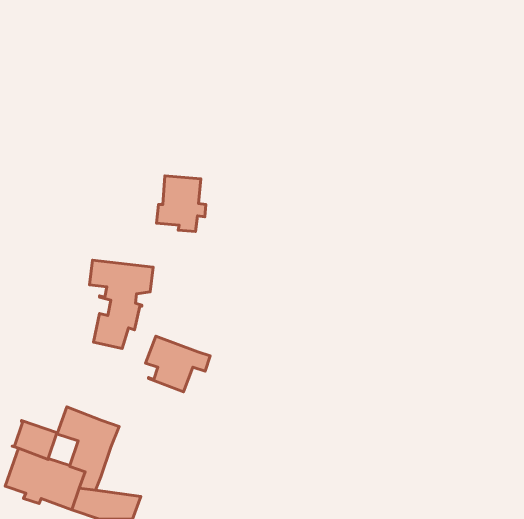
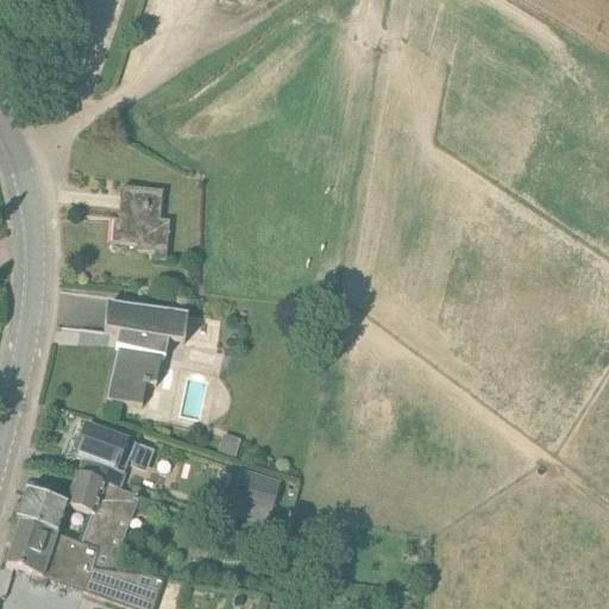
building: [157,176,206,231] -> [112,184,169,249]
building: [145,336,210,392] -> [75,422,150,486]
building: none -> [234,471,280,519]

